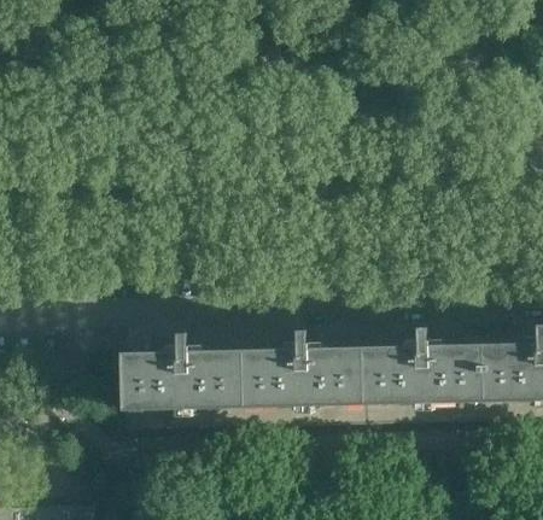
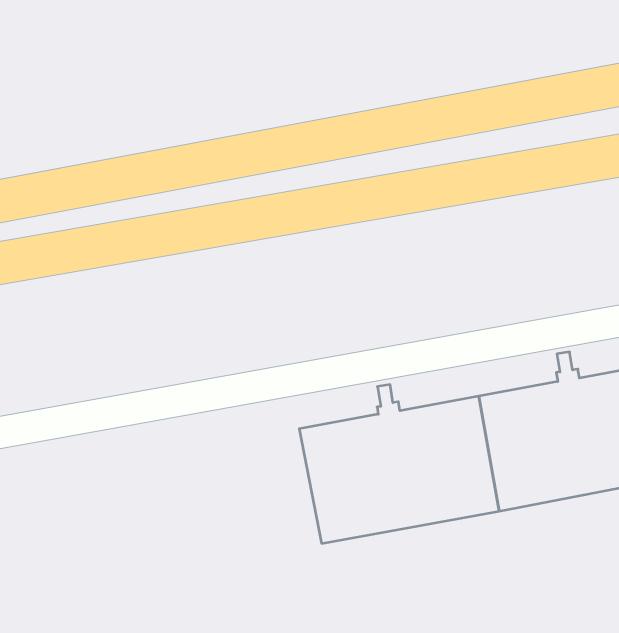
building: [119,316,241,414] -> none

